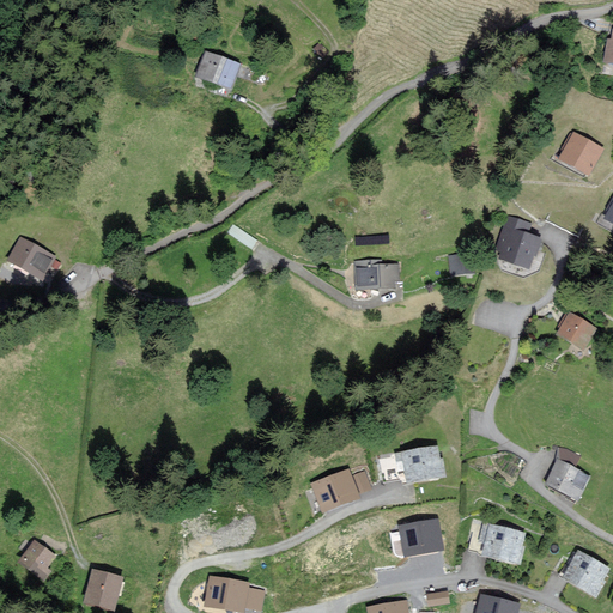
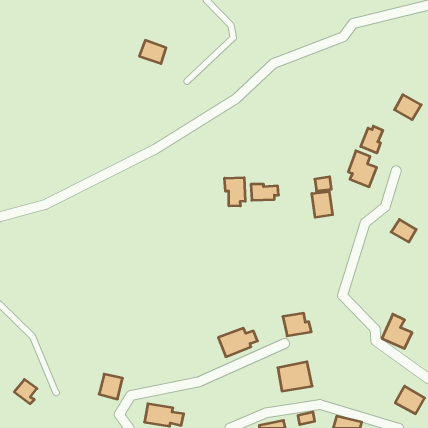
building: none -> [361,126,383,153]
building: [10,242,51,280] -> none
building: none -> [225,178,245,206]
building: none -> [312,192,333,217]
building: [479,520,524,564] -> none
building: [85,571,119,607] -> [99,374,123,399]

